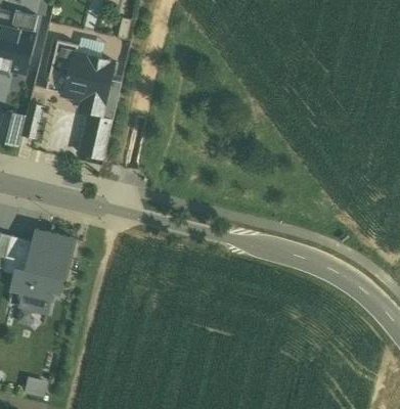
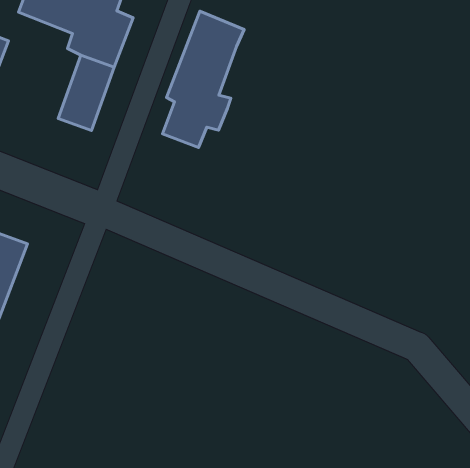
building: none -> [162,11,244,148]

